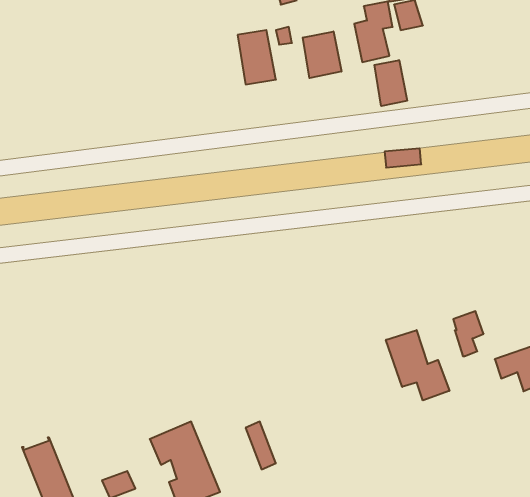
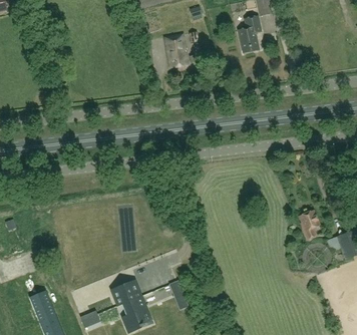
building: [303,31,341,78] -> none
building: [374,60,407,106] -> none
building: [386,330,449,400] -> none

